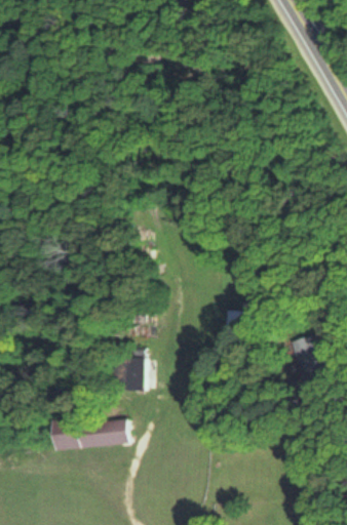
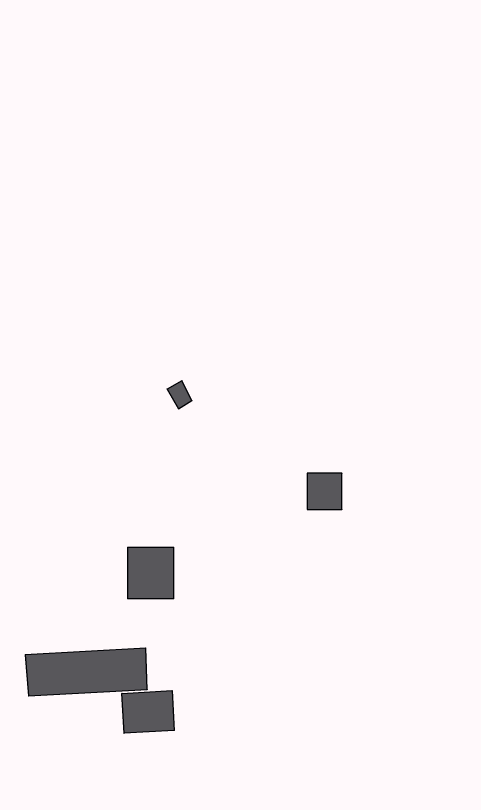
building: [297,337,317,375] -> none
building: none -> [122,691,174,733]

